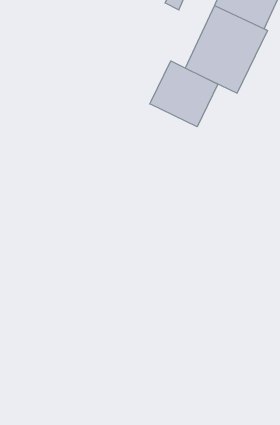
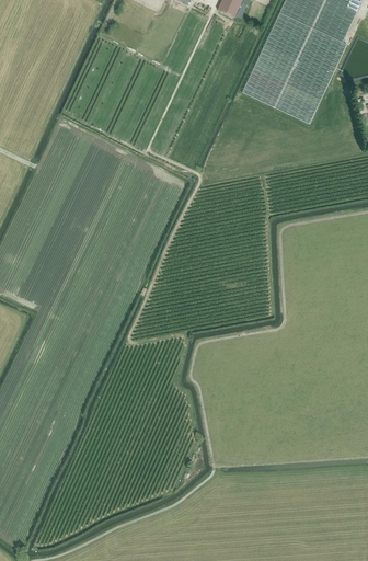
building: [150,61,218,127] -> none

